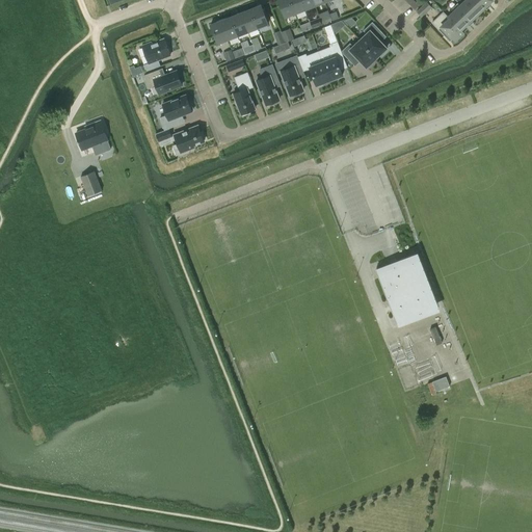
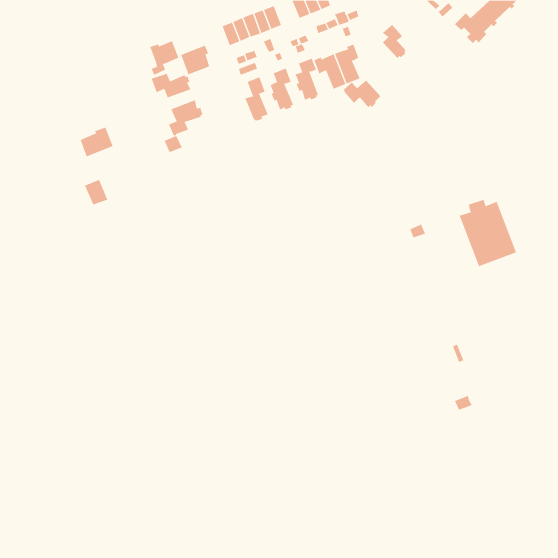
building: [342,41,378,68] -> [343,80,381,108]
building: none -> [180,45,210,75]
building: [175,128,205,153] -> none
building: [378,259,433,323] -> [459,199,517,267]

